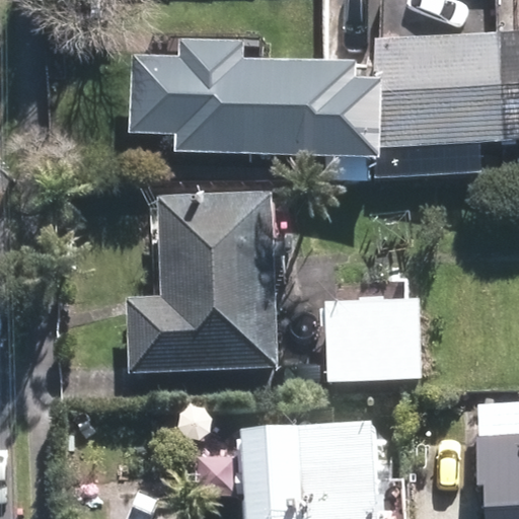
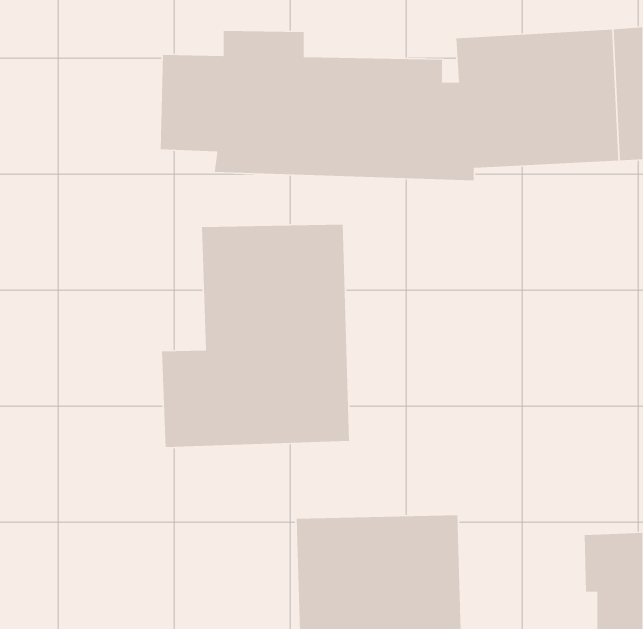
building: [328,306,427,375] -> none

